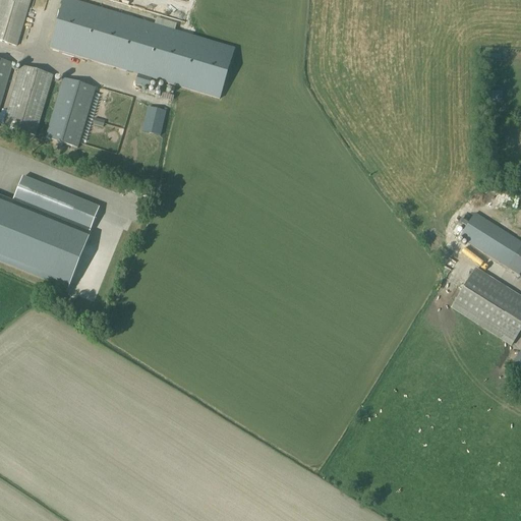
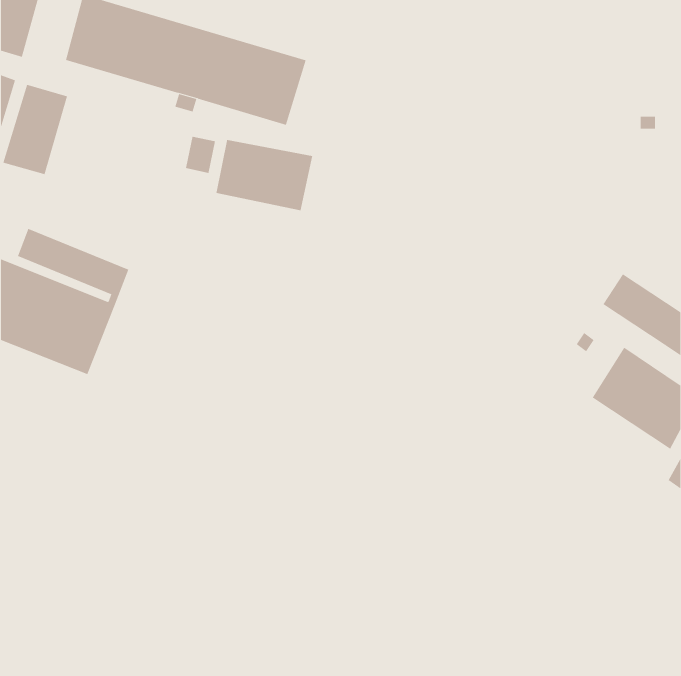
building: [45,76,95,146] -> none
building: none -> [216,139,313,211]

